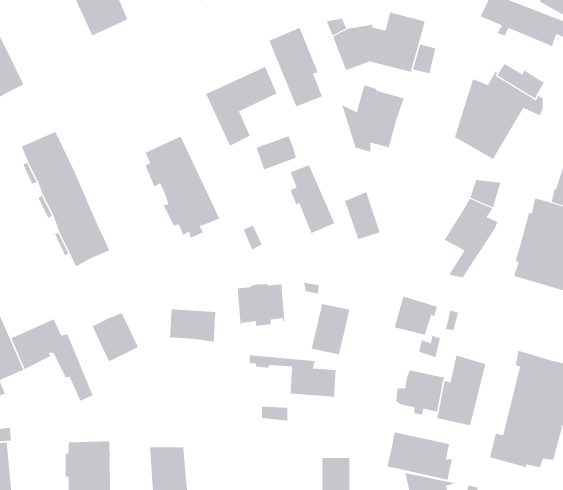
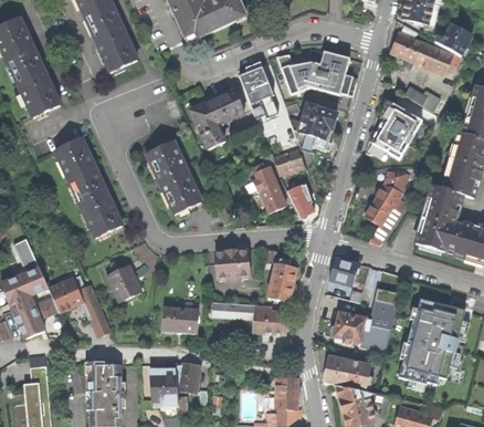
building: [256,135,297,170] -> [274,147,304,173]
building: [169,309,216,342] -> [164,306,198,331]
building: none -> [176,361,200,390]

